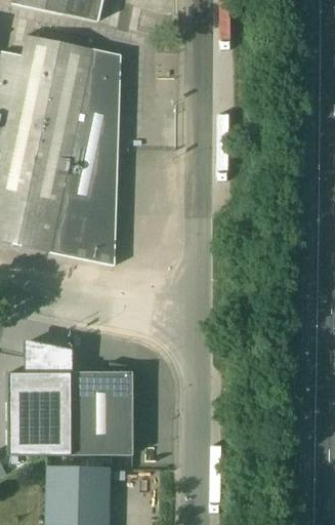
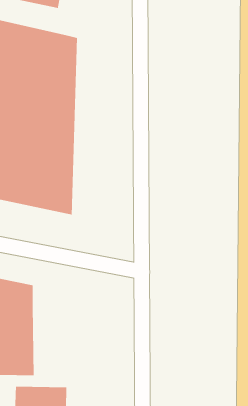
building: [69,361,137,454] -> none

